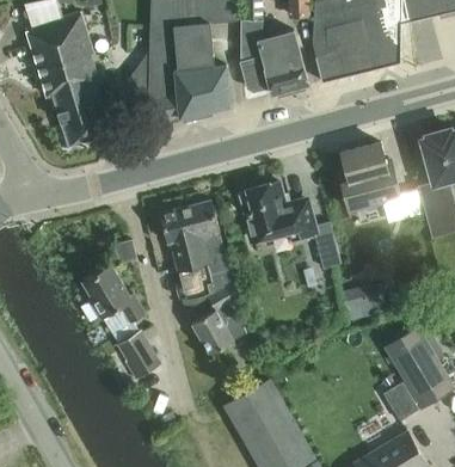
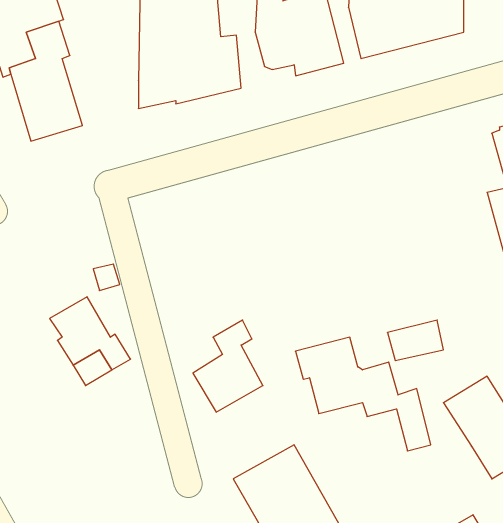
building: [342,143,423,223] -> none
building: [236,182,340,269] -> [295,337,431,451]
building: [160,199,232,308] -> none
building: [117,330,161,377] -> none
building: [382,380,422,422] -> none

